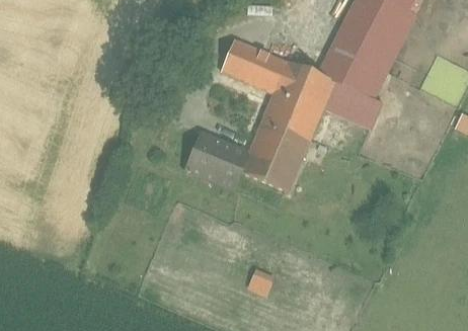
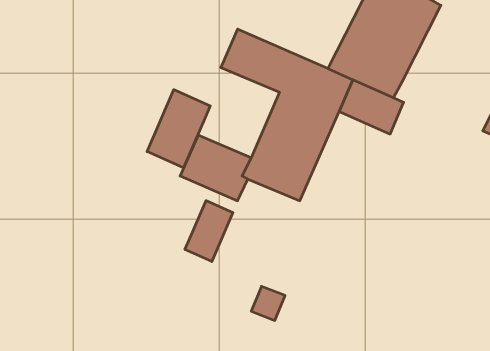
building: none -> [147,90,210,168]
building: none -> [185,201,233,262]

